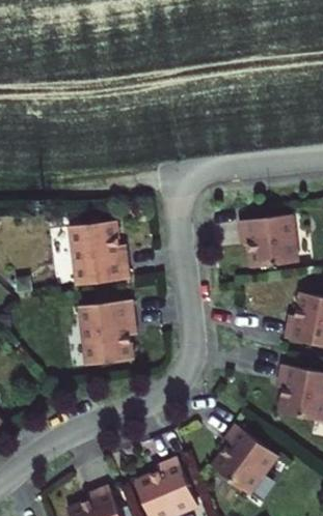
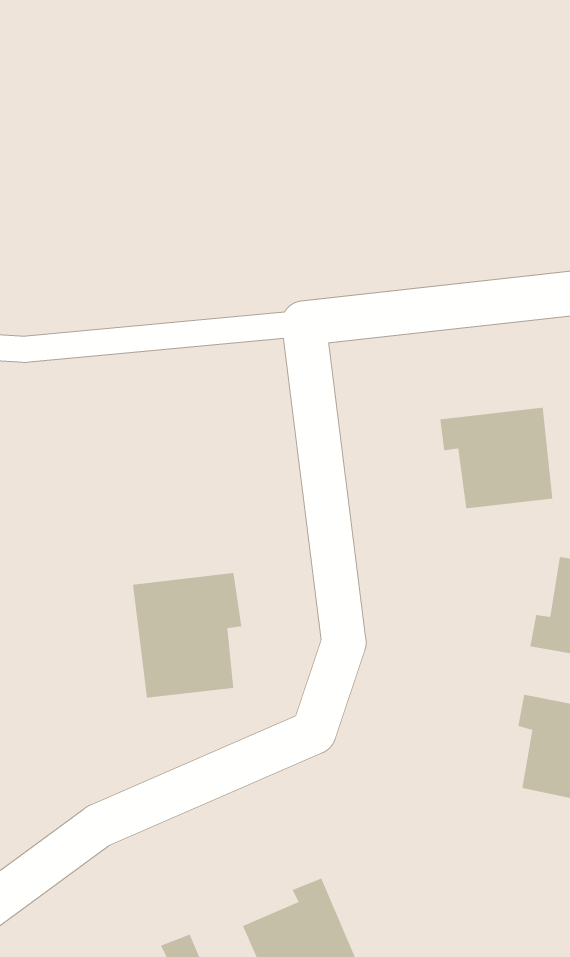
building: [70,221,130,286] -> none
building: [213,422,279,493] -> none

